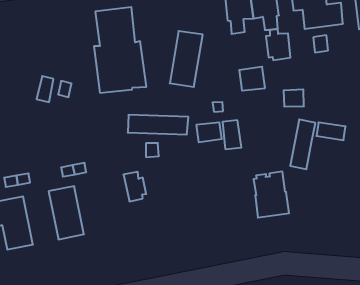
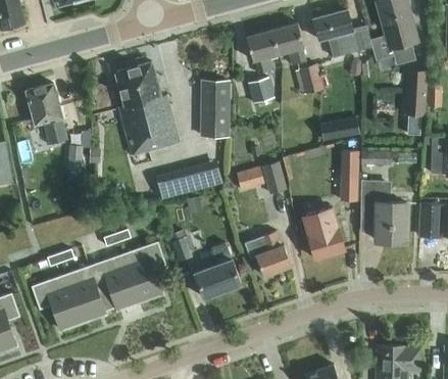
building: none -> [26,84,66,144]
building: [239,67,265,91] -> [245,77,275,104]
building: none -> [360,180,405,241]
building: none -> [119,241,165,302]
building: none -> [246,232,291,276]
building: none -> [194,242,241,298]
building: none -> [68,264,111,321]

